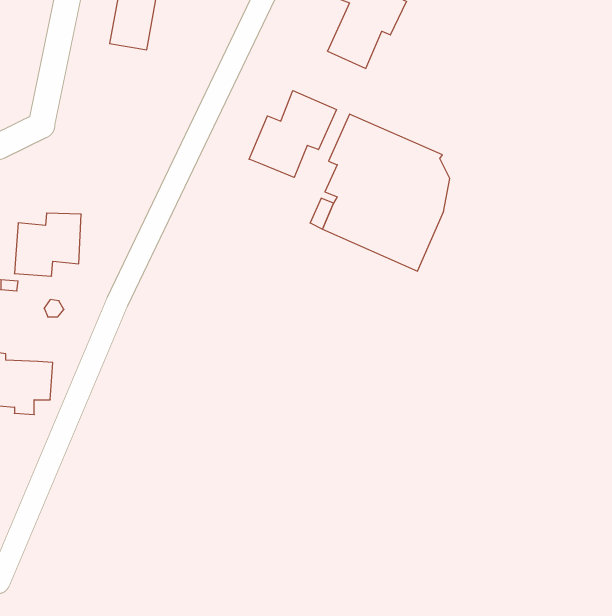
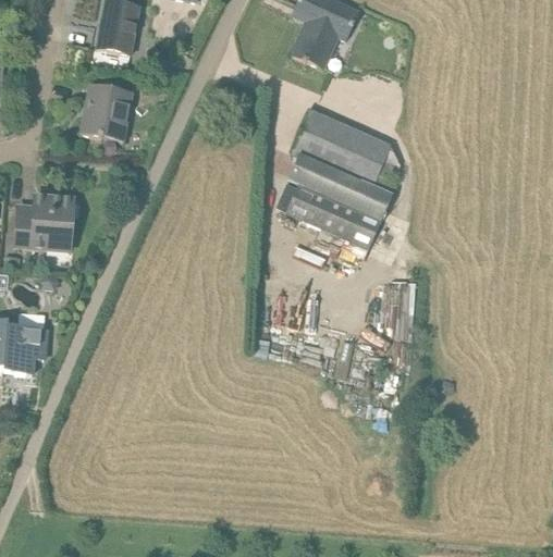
building: none -> [82,84,134,141]
building: [249,91,337,177] -> none

